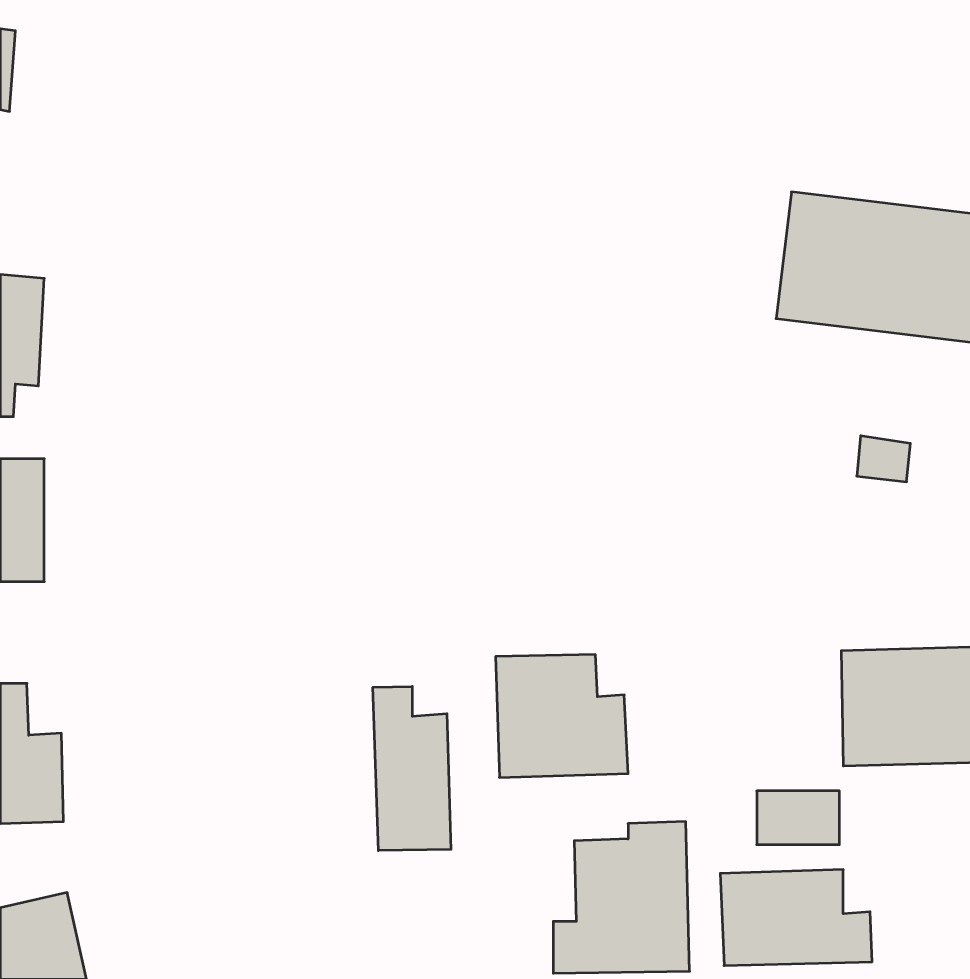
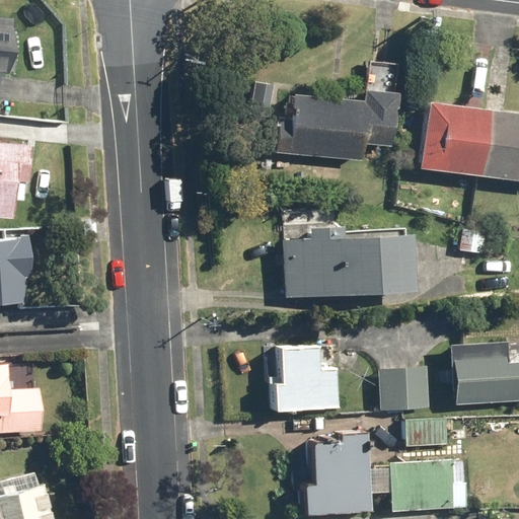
building: none -> [277,92,392,158]
building: none -> [281,225,407,298]
building: [373,686,451,851] -> none
building: none -> [380,366,431,409]

